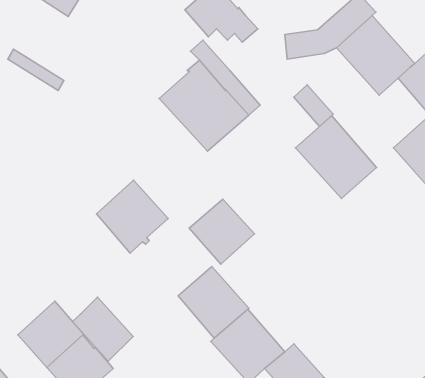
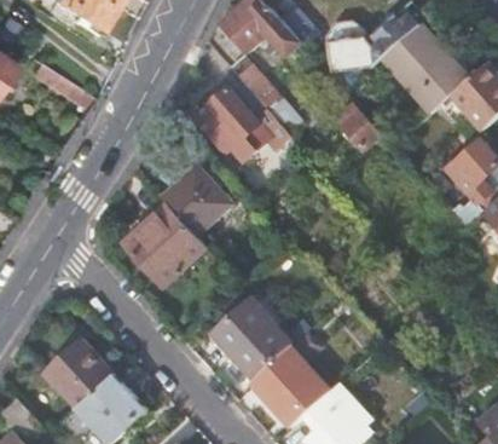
building: [296,116,377,198] -> none
building: [189,199,254,264] -> [162,165,232,235]
building: [72,297,133,361] -> none

